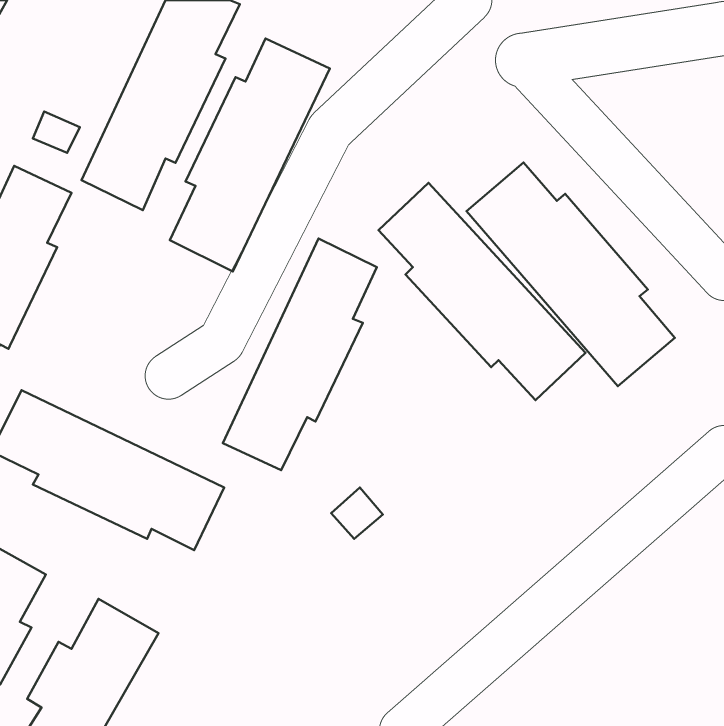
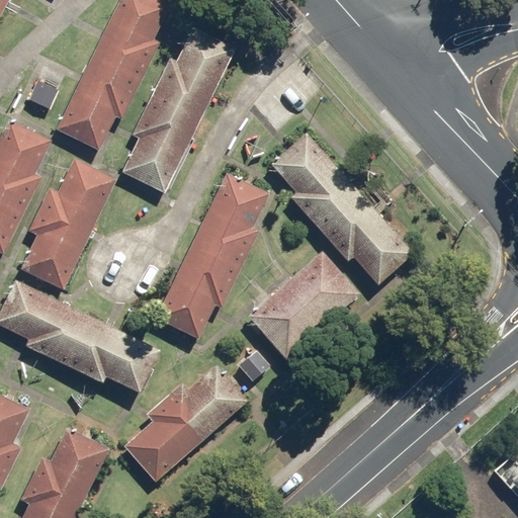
building: [467,163,675,386] -> none
building: none -> [18,158,116,293]
building: none -> [249,251,359,357]
building: none -> [124,366,248,481]

